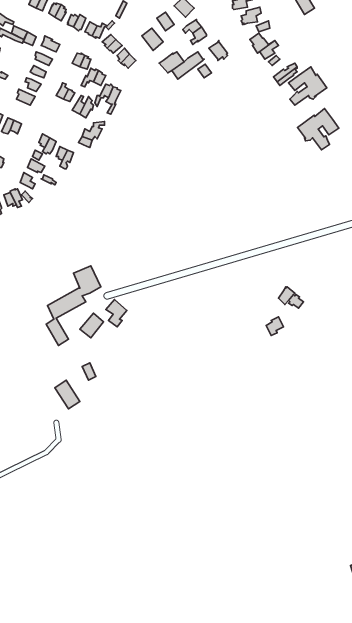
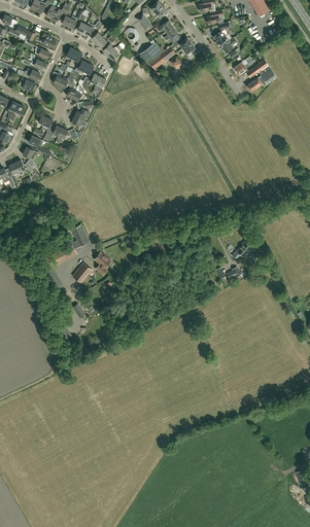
building: [297,108,339,150] -> none

